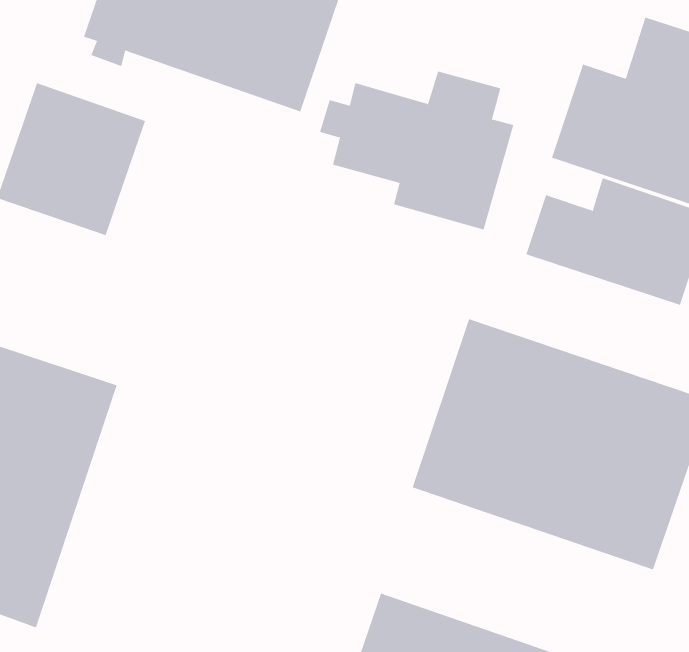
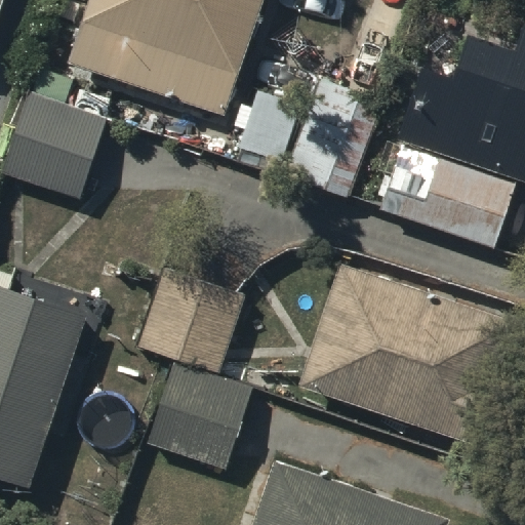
building: none -> [137,269,253,471]

